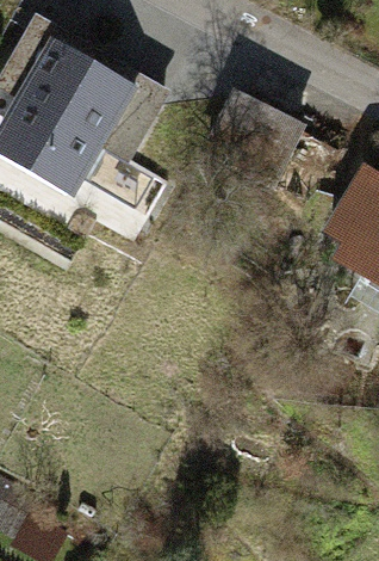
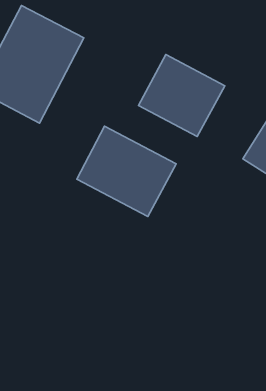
building: none -> [77,126,176,217]

